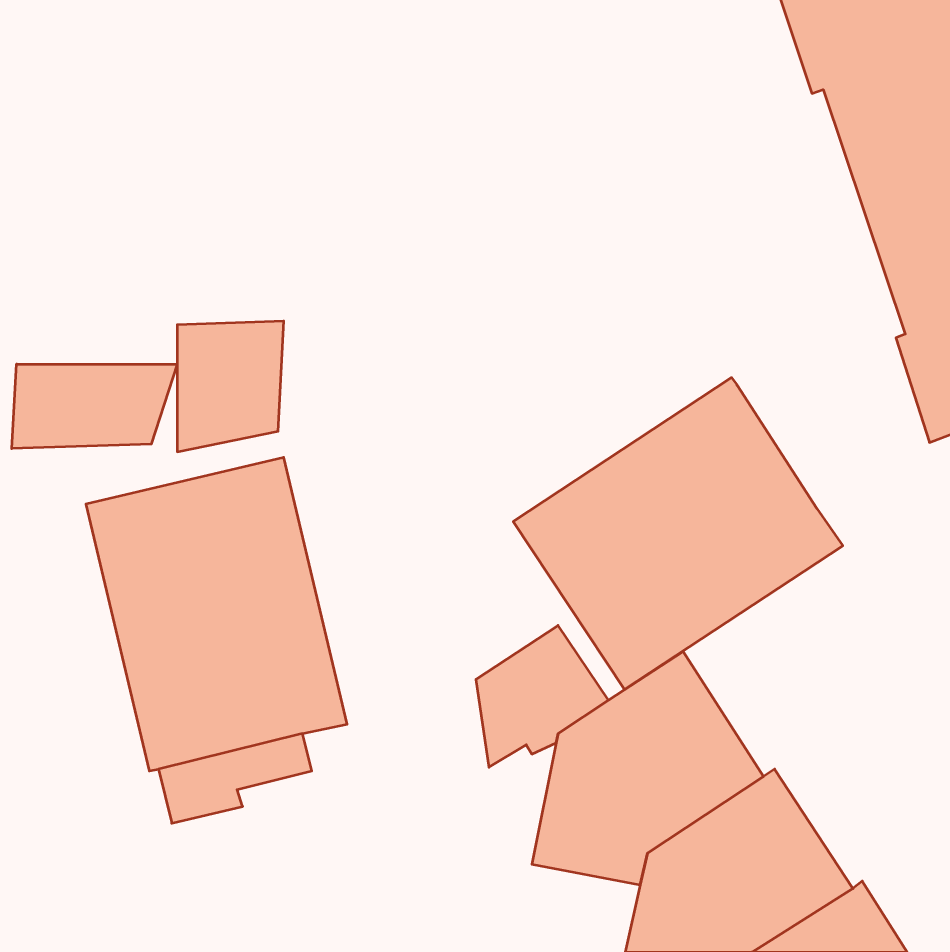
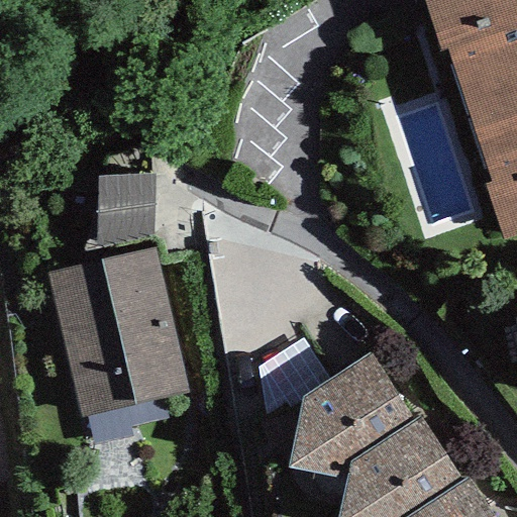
building: [12,364,177,449] -> none
building: [513,378,843,690] -> none

